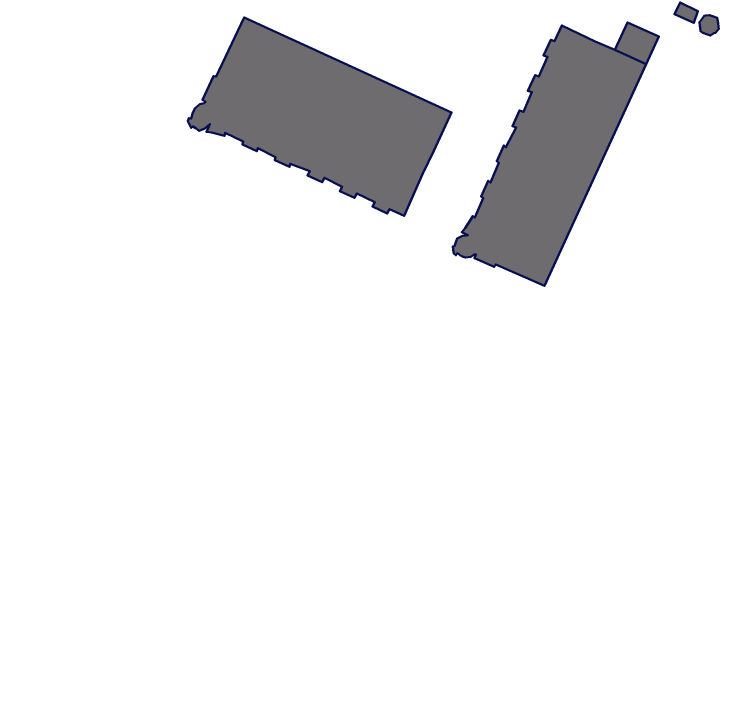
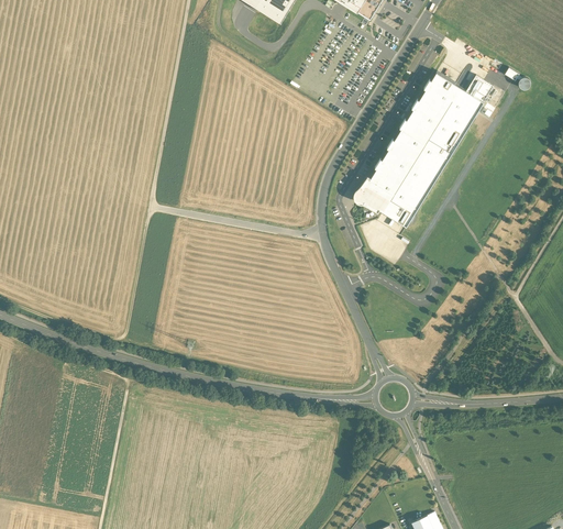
building: [188,18,451,216] -> none

